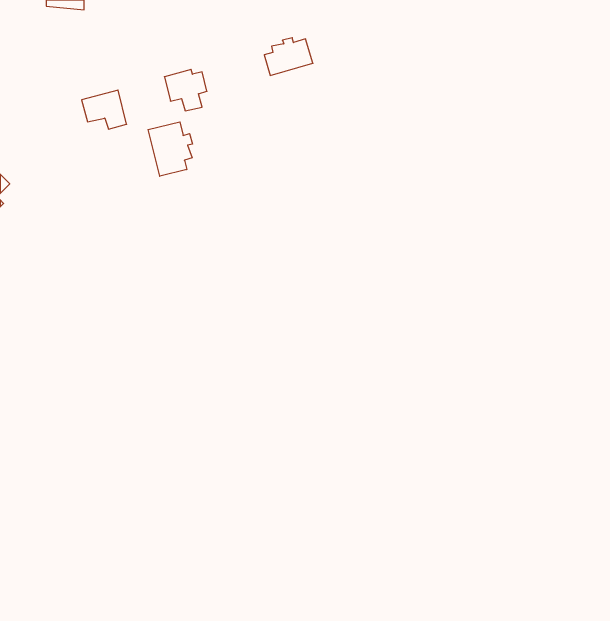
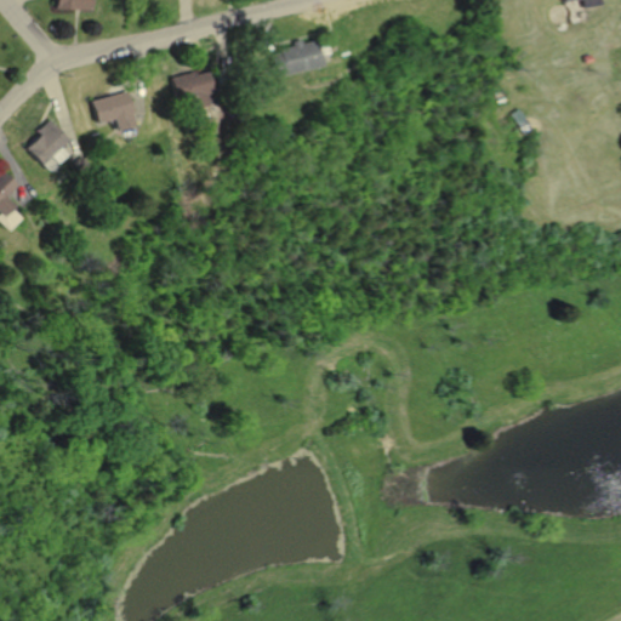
building: none -> [29,120,73,166]
building: [148,122,192,176] -> none

